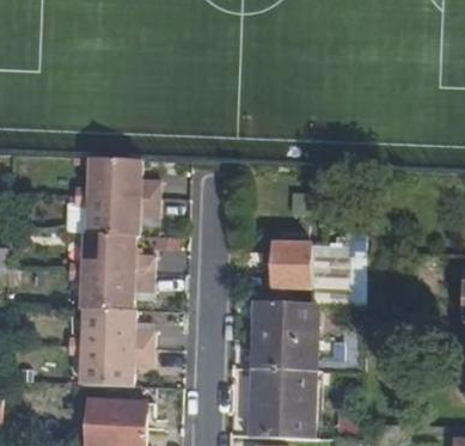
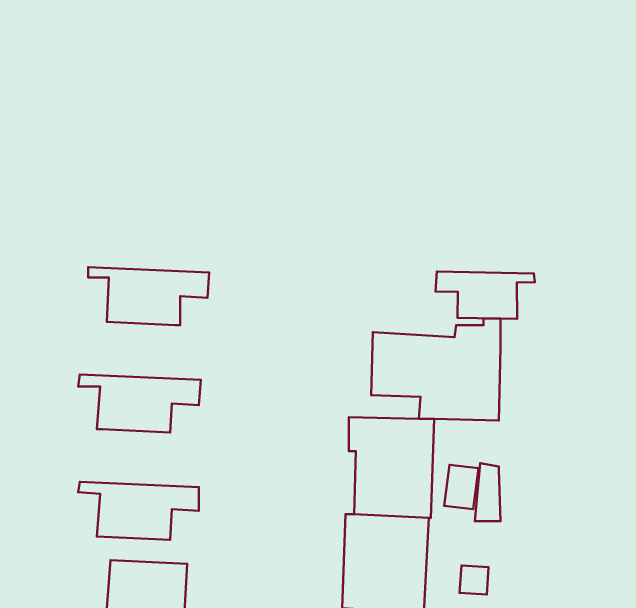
building: [73,157,159,198] -> none
building: none -> [435,272,535,319]
building: [67,233,152,274] -> none
building: [67,308,152,349] -> none

